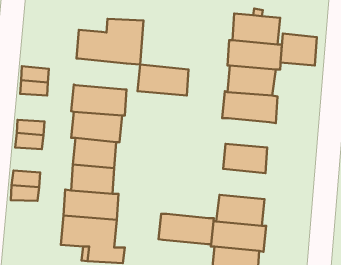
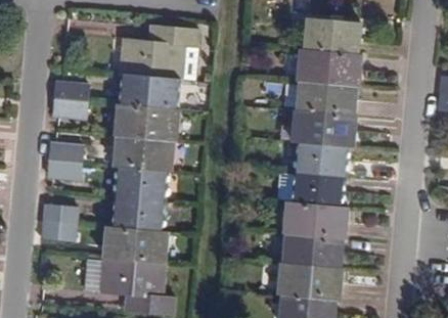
building: [281,34,317,65] -> none
building: [138,64,189,96] -> [118,72,178,108]
building: none -> [296,142,348,177]
building: [159,214,214,244] -> [283,202,349,238]

